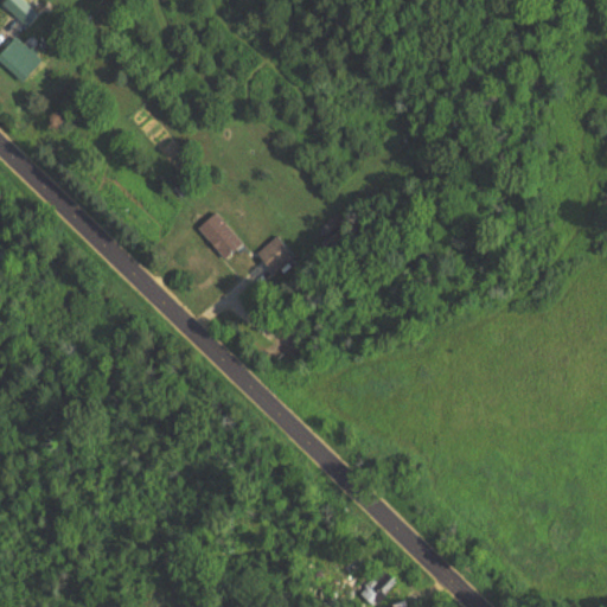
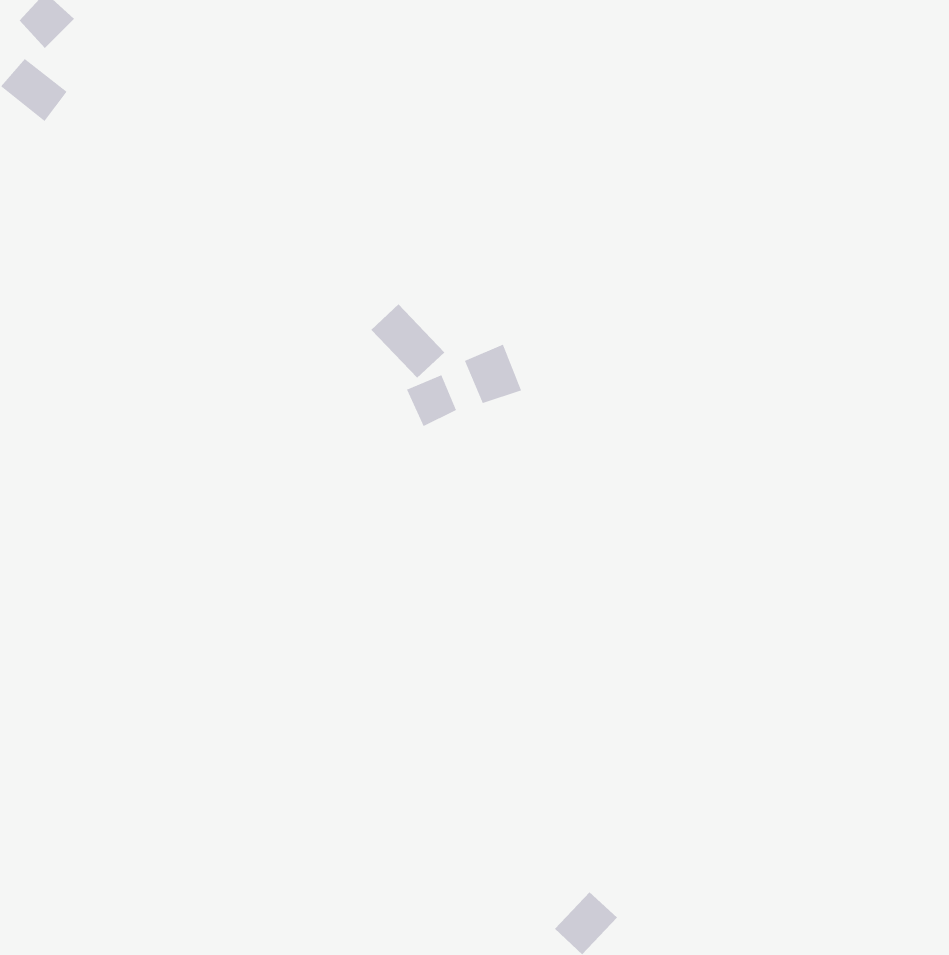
building: [194,212,242,260] -> [370,304,445,379]
building: none -> [464,344,522,404]

